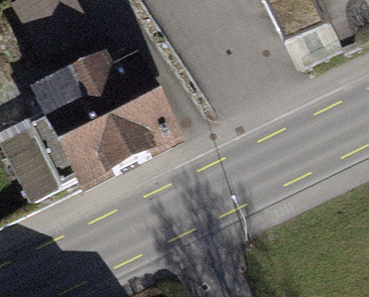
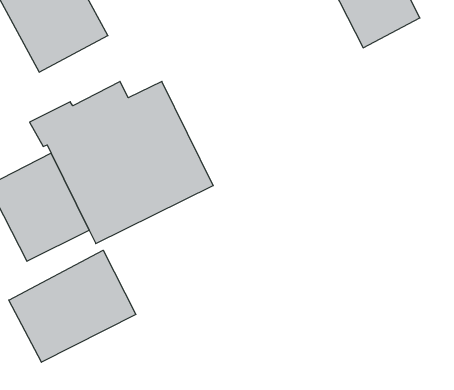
building: none -> [9,250,136,362]

